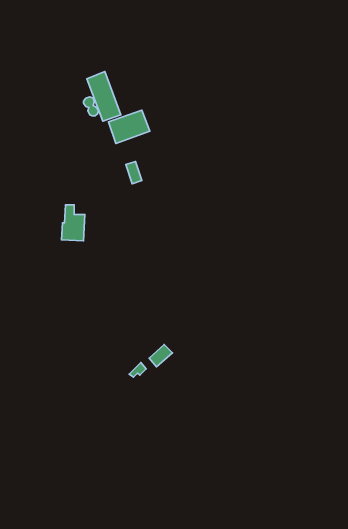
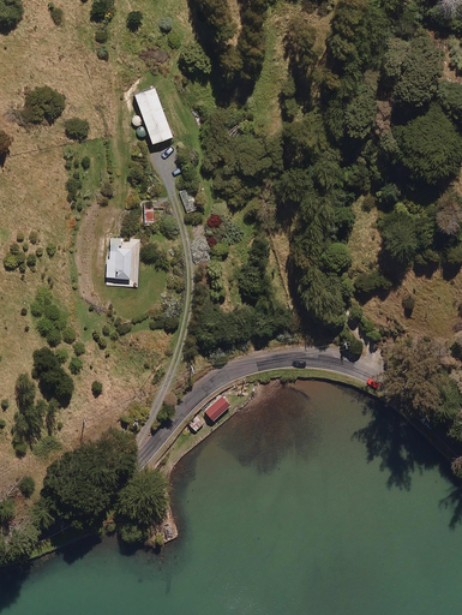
building: [109,110,150,143] -> none

